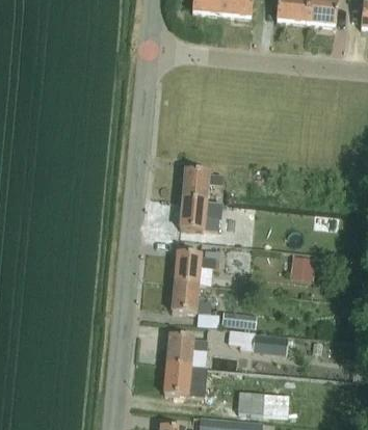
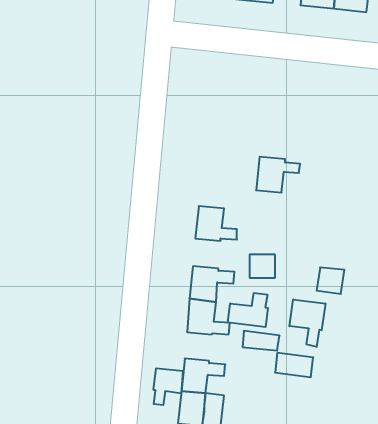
building: [183,168,222,200] -> [256,157,300,193]
building: none -> [228,293,268,327]
building: none -> [289,299,325,347]
building: none -> [154,368,183,405]

